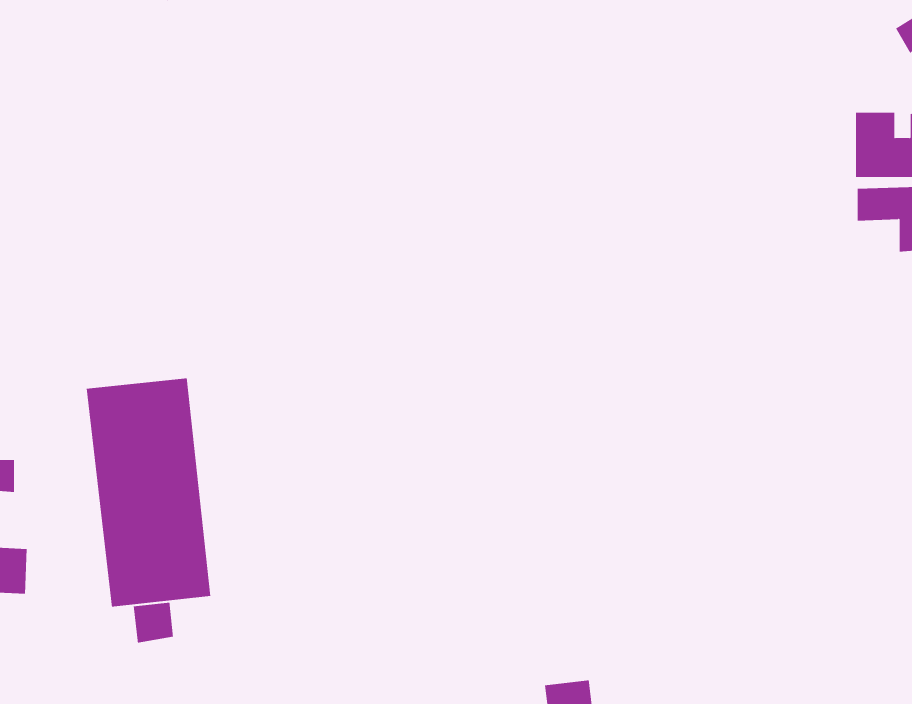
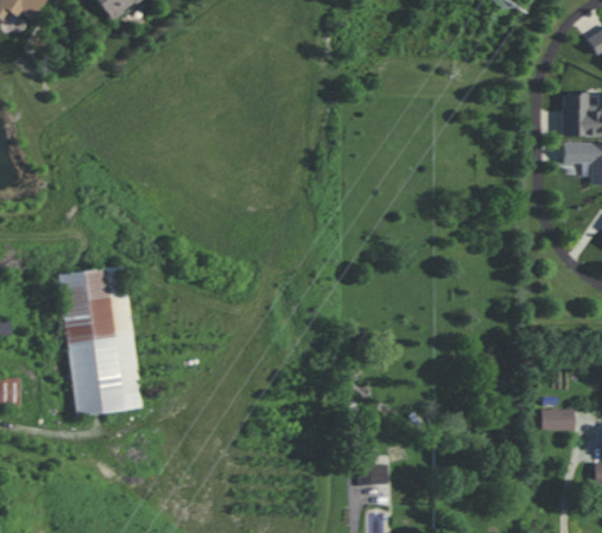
building: none -> [540,408,574,430]
building: [133,602,174,643] -> none

